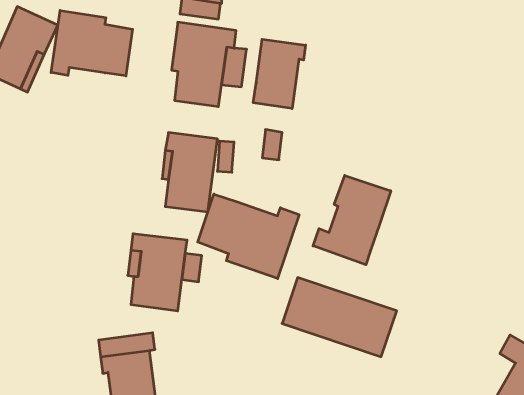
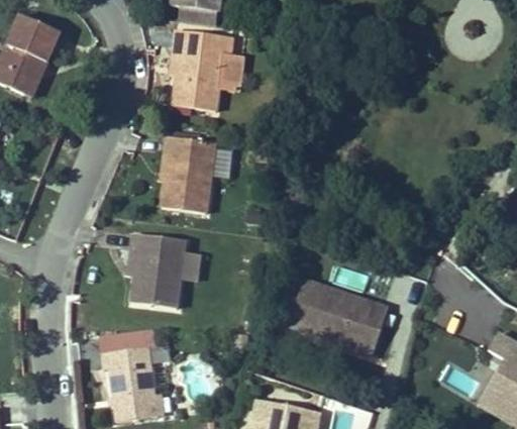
building: [51,10,133,76] -> none
building: [253,39,306,109] -> none
building: [313,175,391,265] -> none
building: [198,194,299,279] -> none

